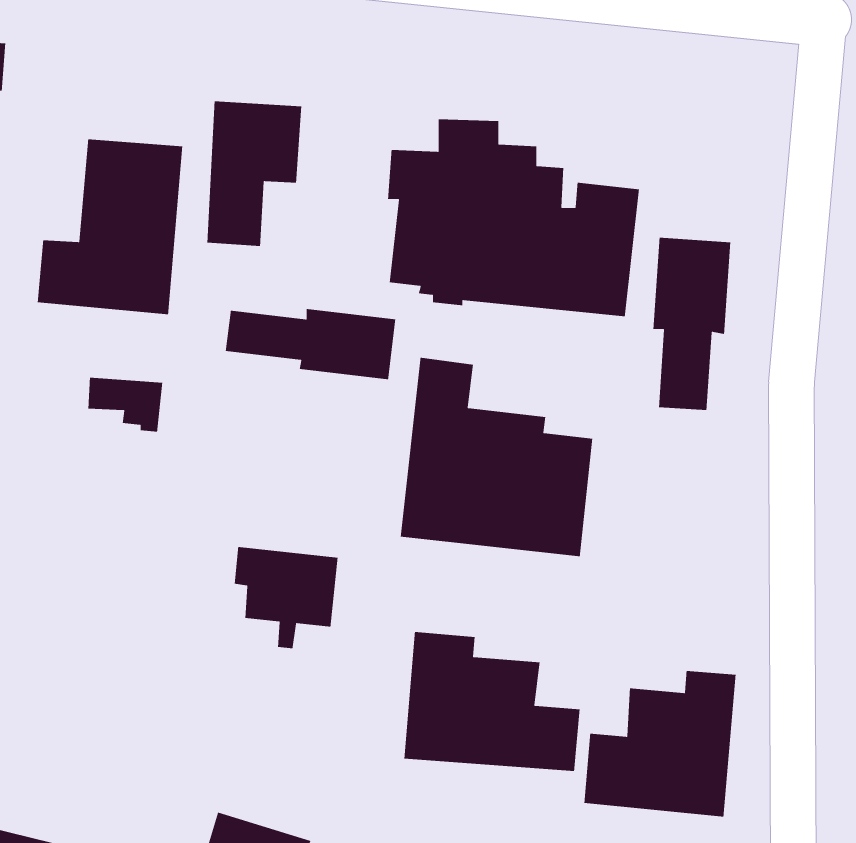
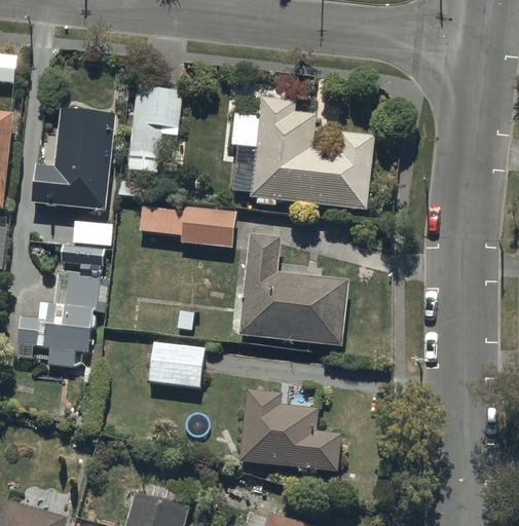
building: [653,237,731,411] -> none
building: none -> [16,272,100,367]
building: [583,670,736,818] -> none

